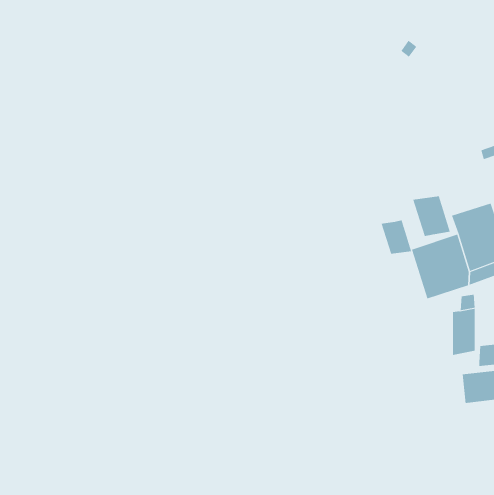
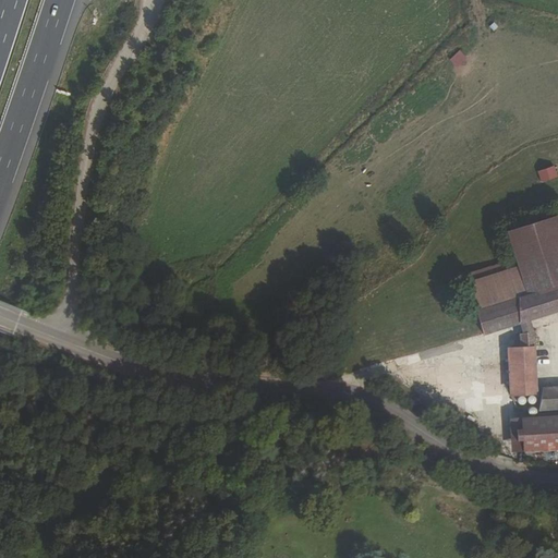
building: [413,195,451,237] -> none
building: [381,220,412,255] -> none

